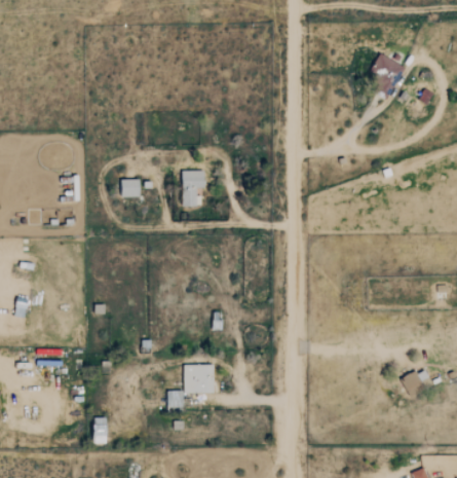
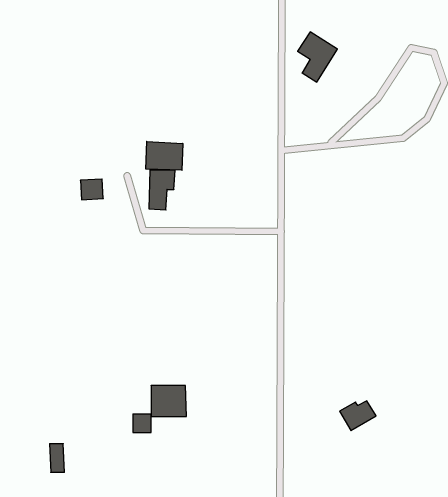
building: [370,52,406,98] -> [298,32,337,82]
building: none -> [146,141,183,170]
building: [401,370,433,397] -> [340,401,376,431]

